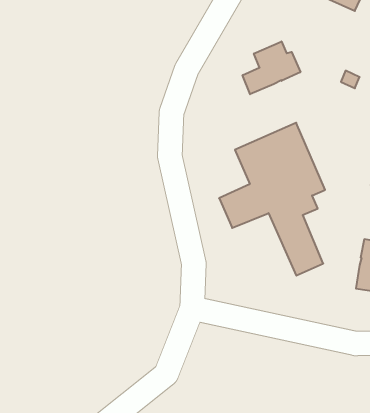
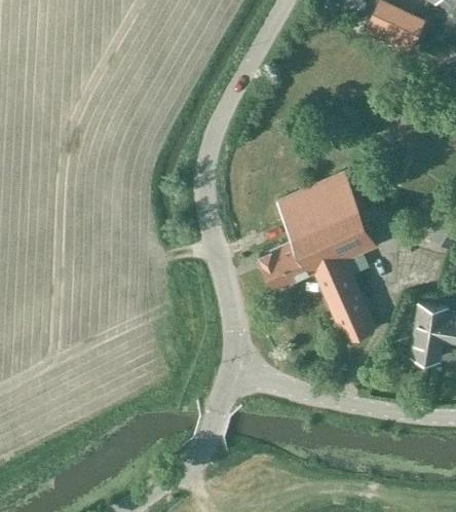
building: [243,41,300,94] -> none

